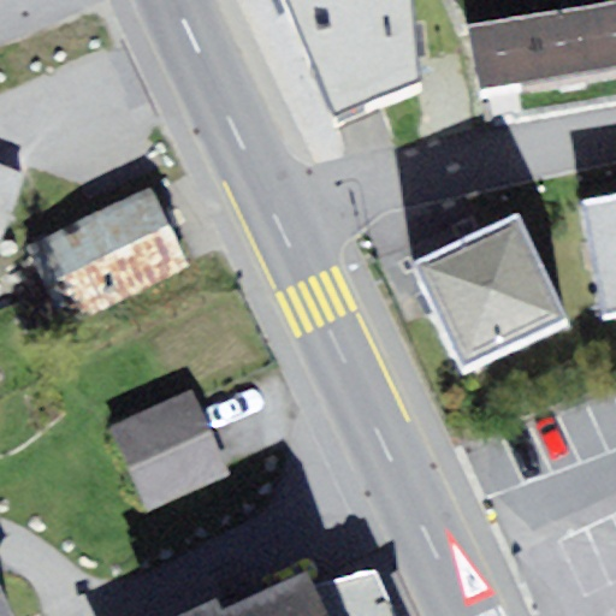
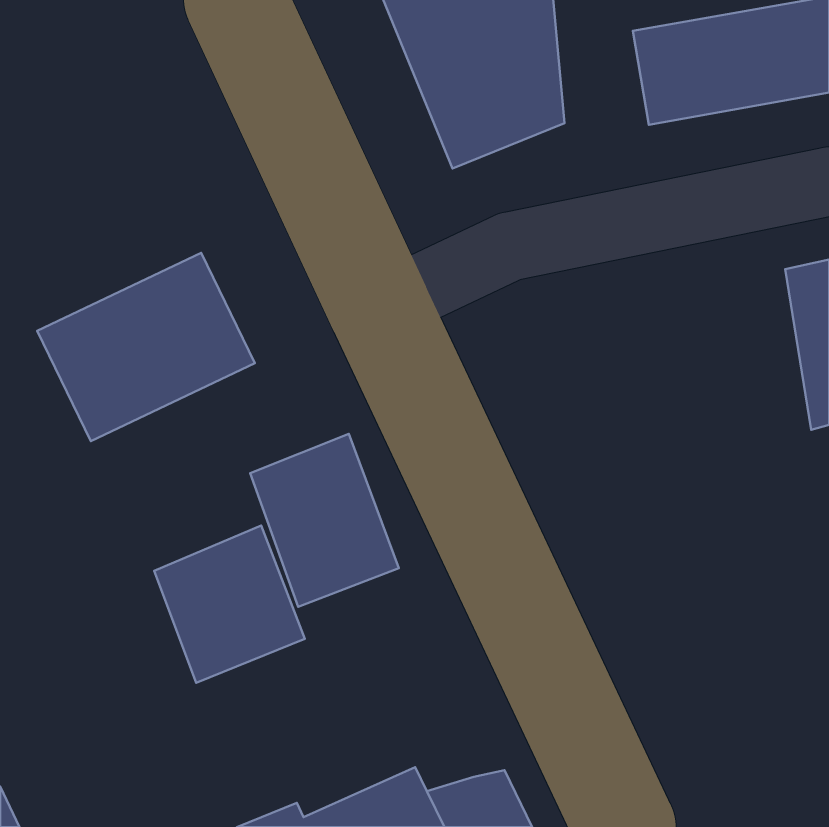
building: [411,213,569,377] -> none
building: none -> [250,434,399,607]

